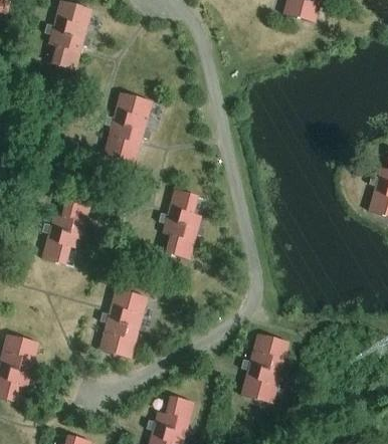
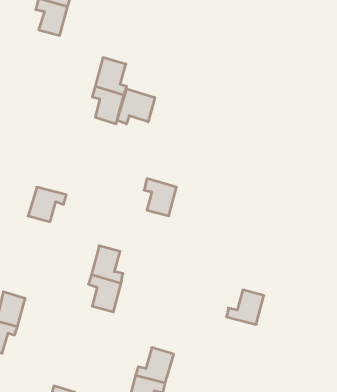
building: none -> [117,89,155,124]
building: [166,189,199,228] -> none
building: [50,199,89,236] -> none
building: [240,364,280,401] -> none

